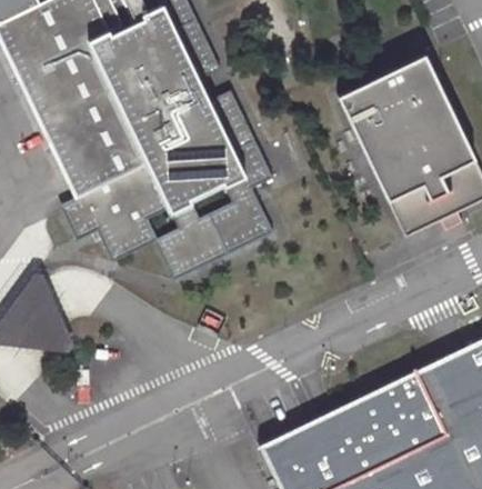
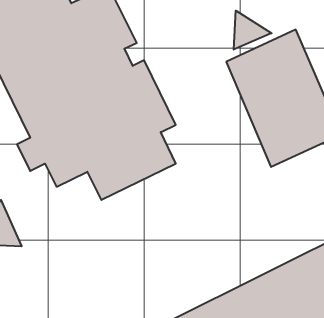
building: none -> [234,11,272,50]

